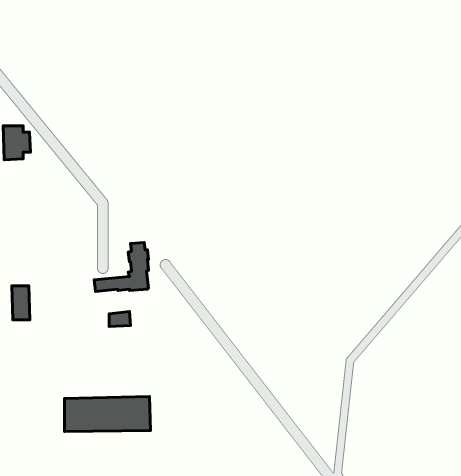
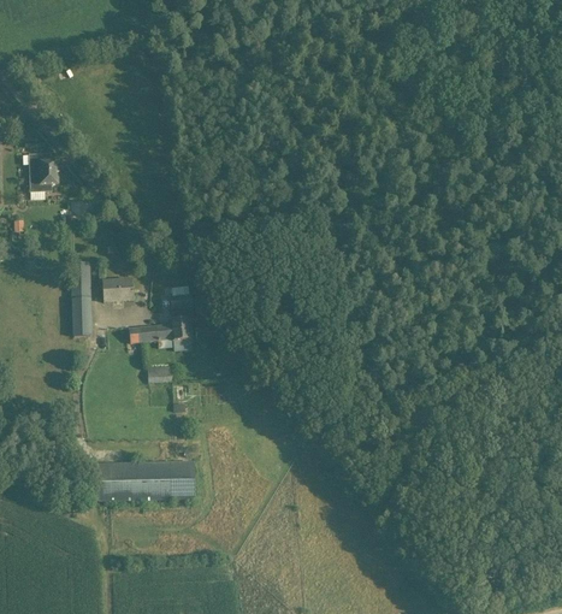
building: none -> [102,277,134,301]
building: [12,286,30,320] -> [71,296,91,335]

